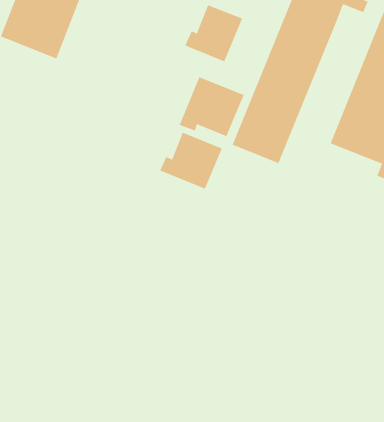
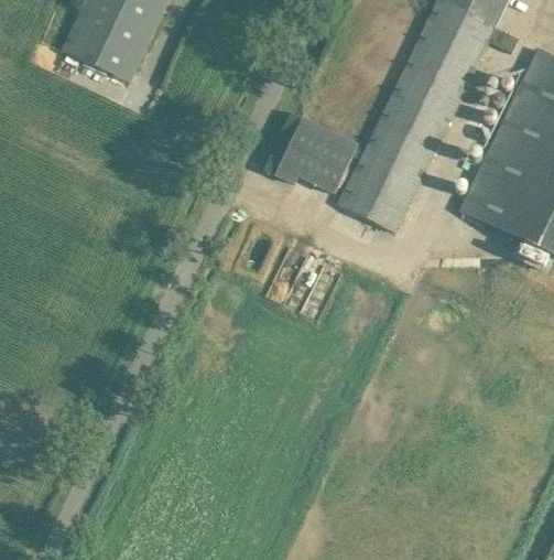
building: [184,4,243,62] -> none
building: [159,132,222,190] -> none

